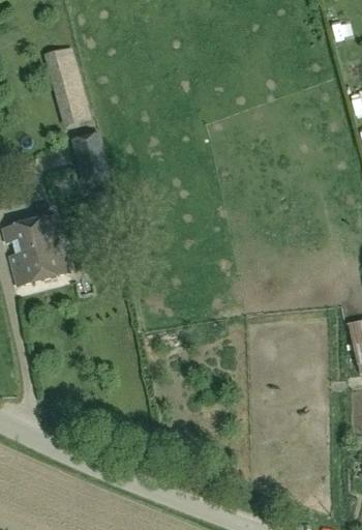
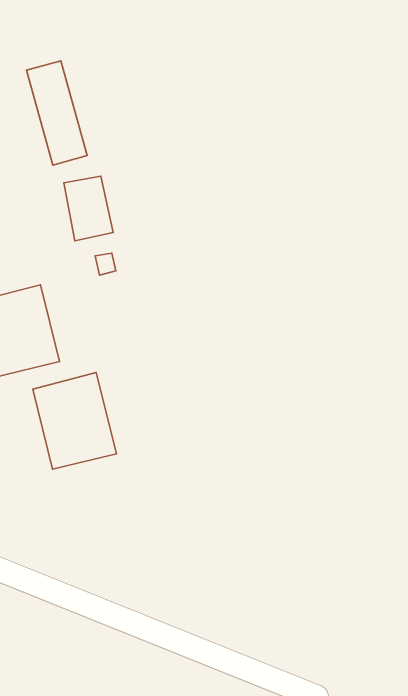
building: none -> [33,373,117,469]

